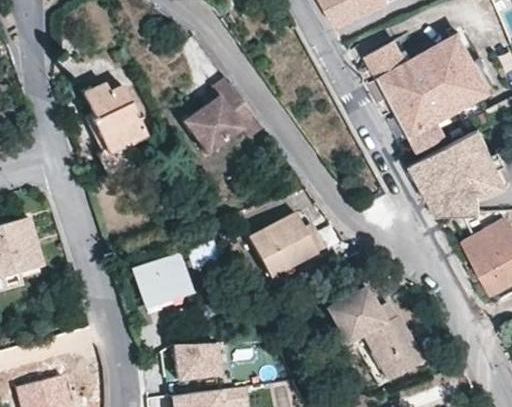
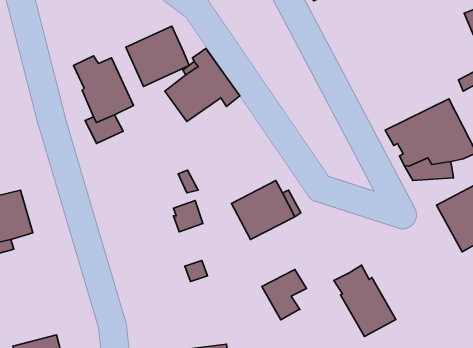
building: [369,31,491,145] -> none
building: none -> [126,26,189,87]
building: [135,257,189,302] -> none
building: [326,291,373,344] -> [262,269,306,320]
building: [174,344,220,378] -> none

